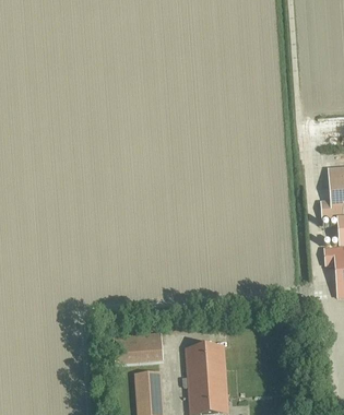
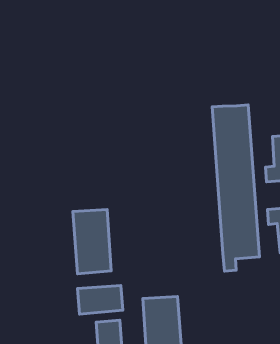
building: none -> [212,105,259,271]
building: none -> [73,210,111,274]

